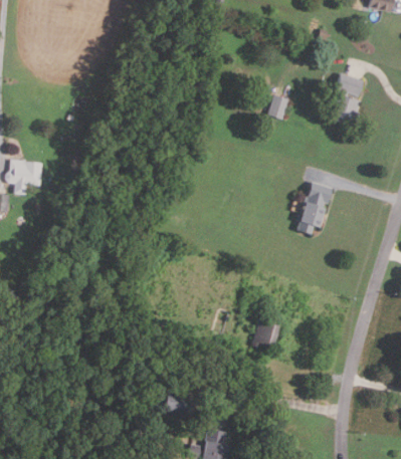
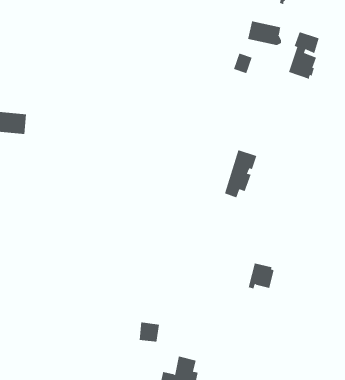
building: none -> [248,21,282,46]
building: [295,181,332,234] -> [224,150,257,198]
building: [251,319,280,349] -> [248,263,274,289]

